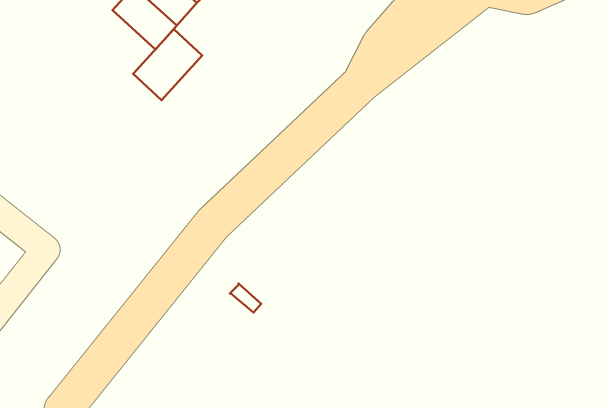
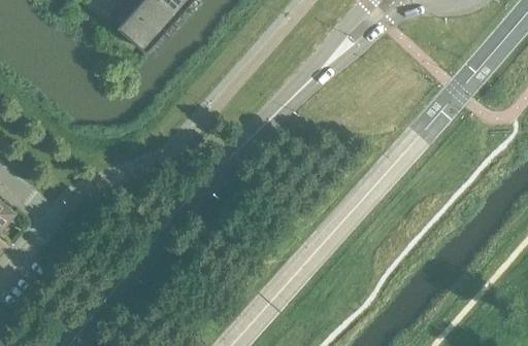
building: [133,29,202,100] -> none

